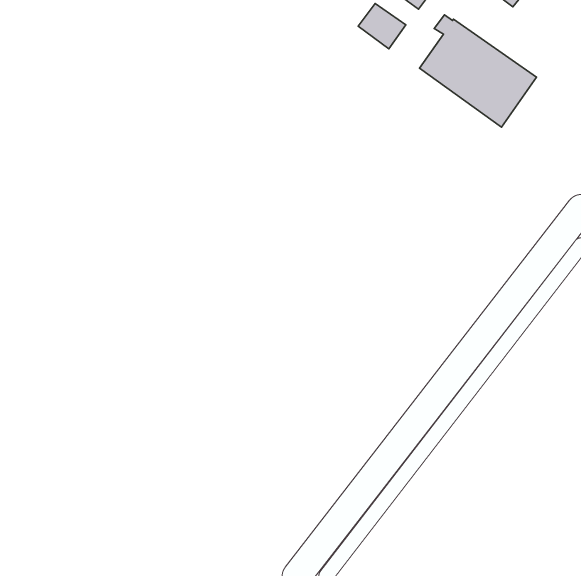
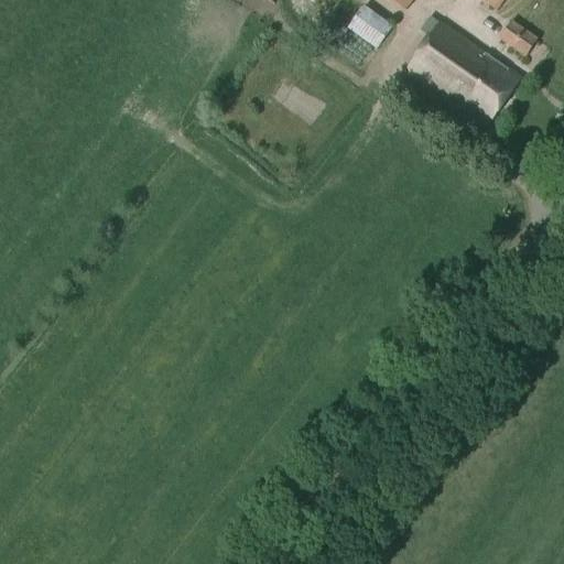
building: none -> [499,19,538,55]

